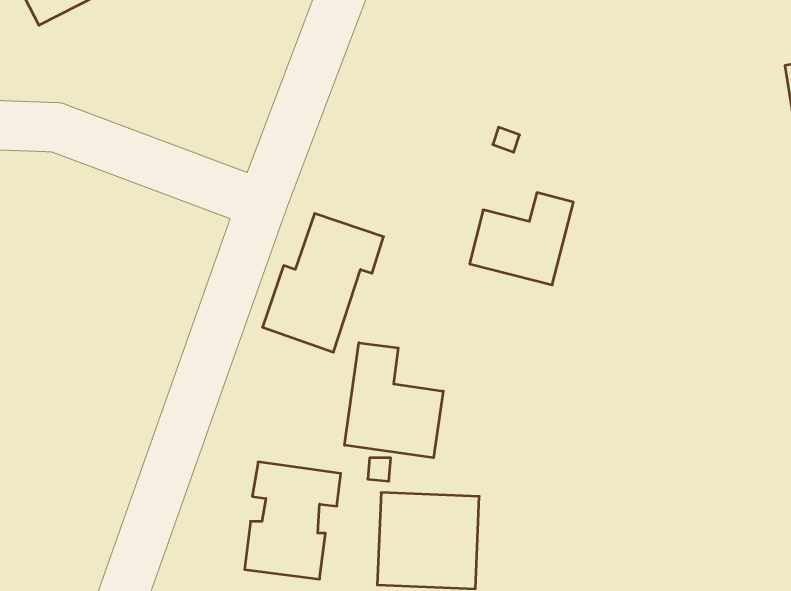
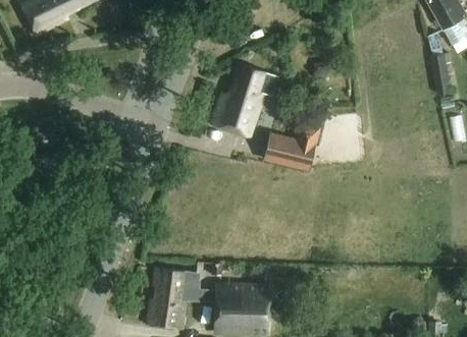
building: [262,214,384,352] -> [210,63,274,136]
building: [345,343,443,458] -> none

